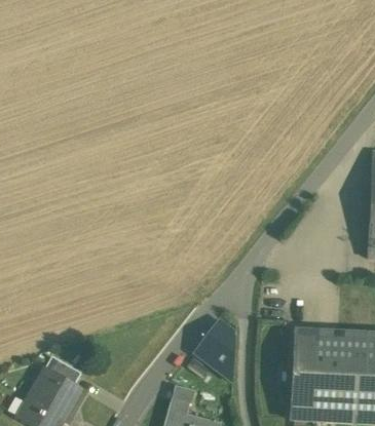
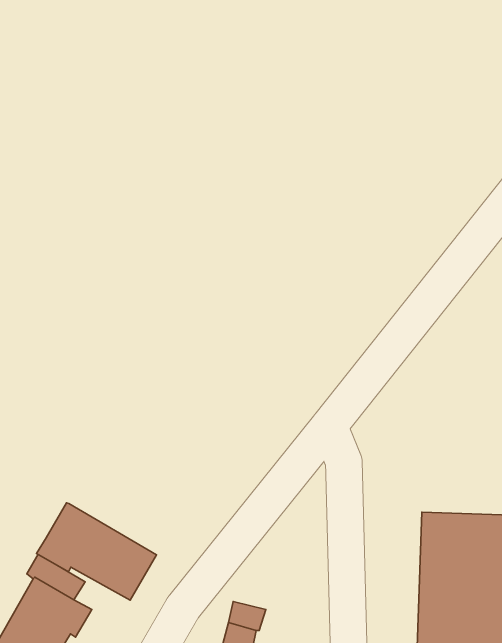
building: [195,319,235,381] -> none
building: none -> [37,503,156,600]

